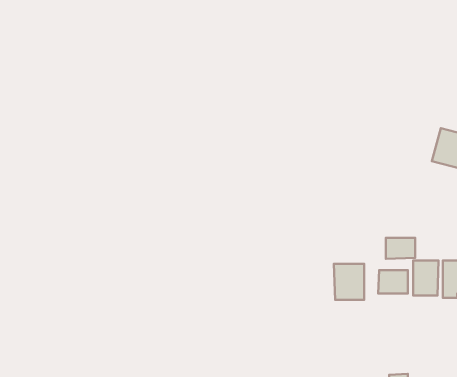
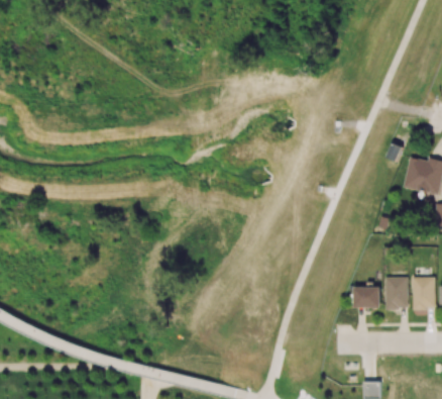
building: [386,238,415,259] -> none
building: [334,264,364,300] -> none

